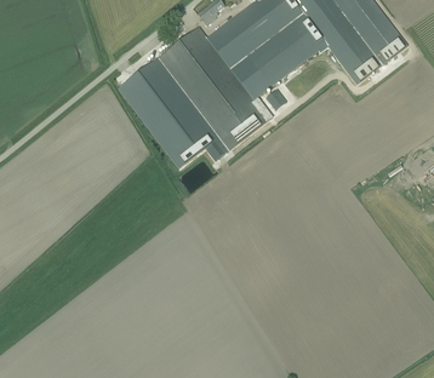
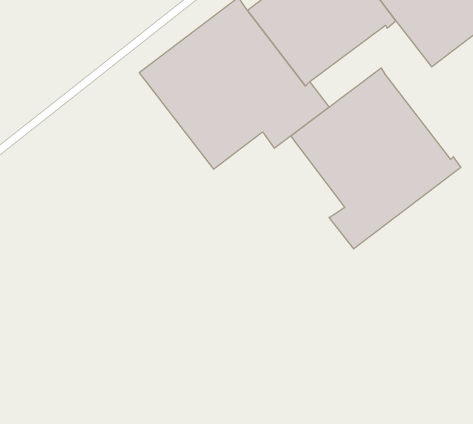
building: none -> [291,68,461,249]

